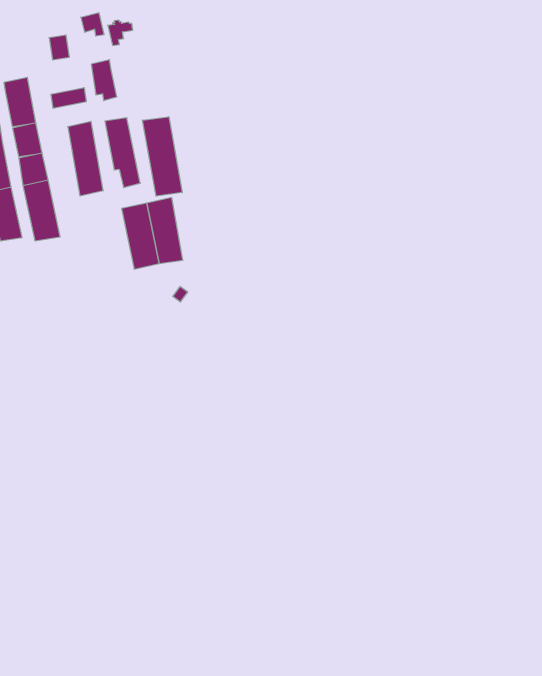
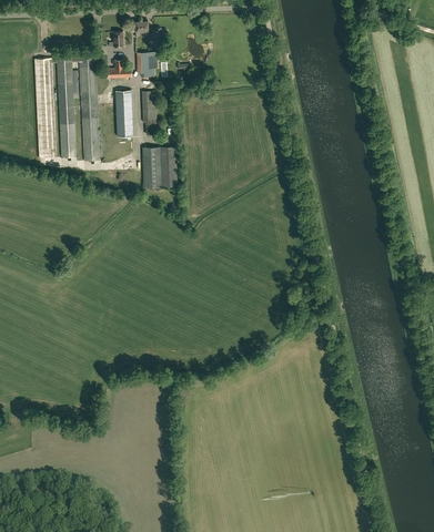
building: [143,117,182,196] -> none

